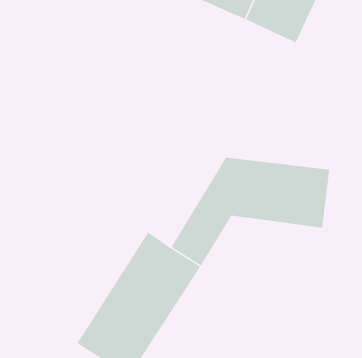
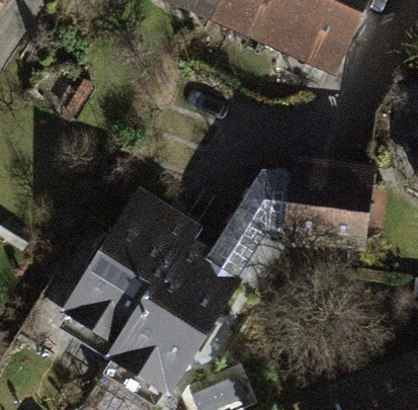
building: none -> [69,206,192,349]

